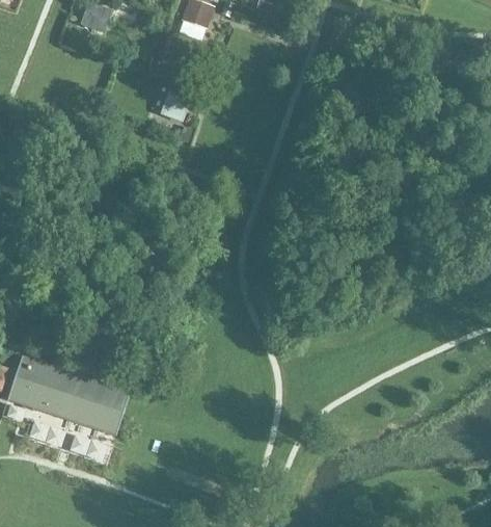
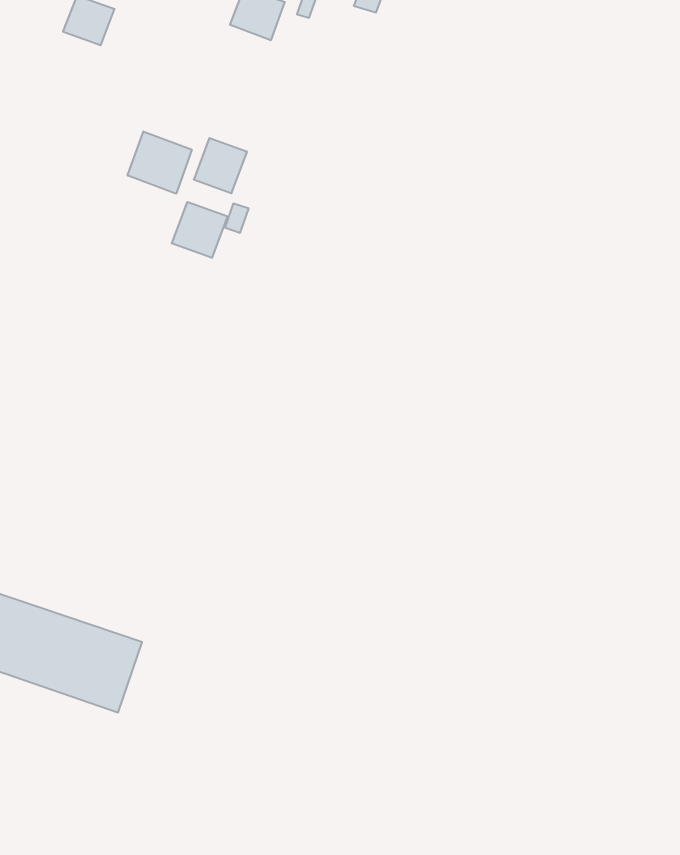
building: none -> [128,131,192,194]
building: none -> [172,202,228,258]

